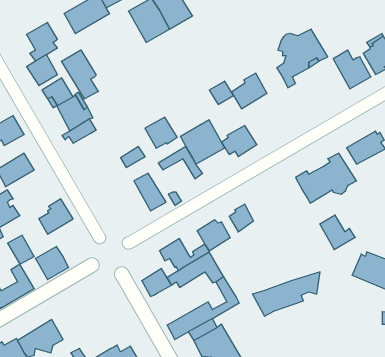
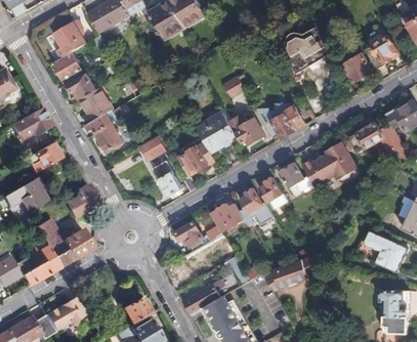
building: [61,50,98,99] -> none
building: [232,73,267,109] -> [273,105,305,138]
building: [145,117,177,148] -> [179,147,209,176]
building: none -> [96,124,123,152]
building: none -> [260,177,287,213]
building: [320,215,355,250] -> [281,164,314,196]
building: none -> [47,238,73,267]
building: [142,269,172,296] -> [123,297,151,323]

